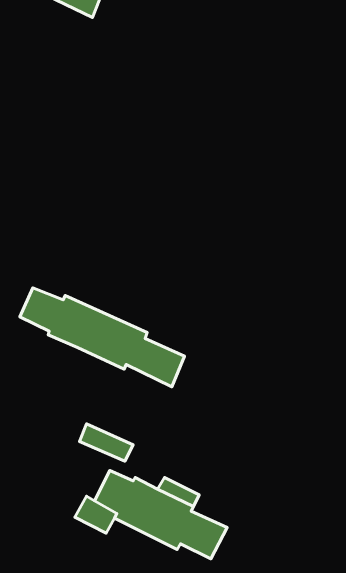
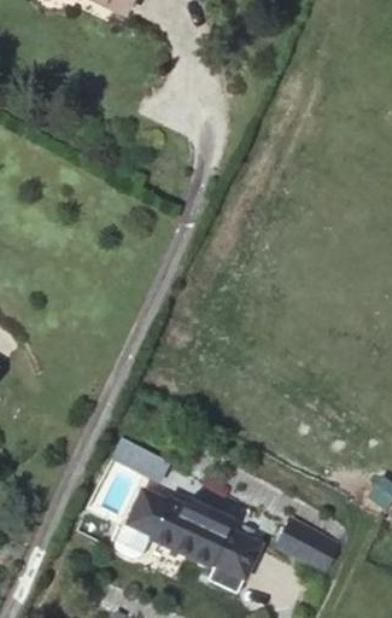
building: [20,288,185,387] -> none
building: none -> [286,526,343,572]

